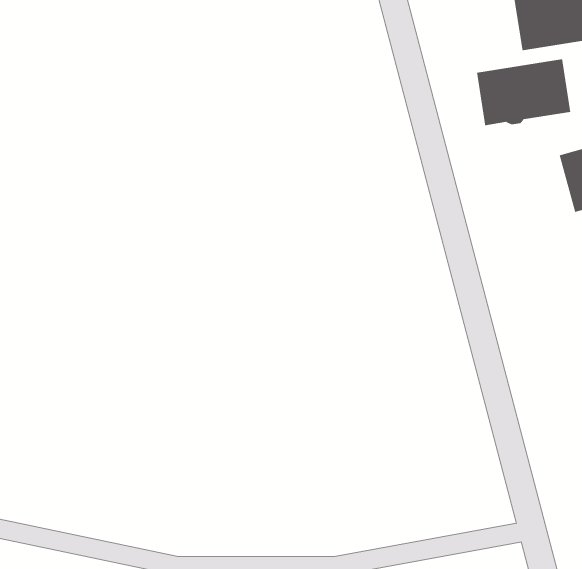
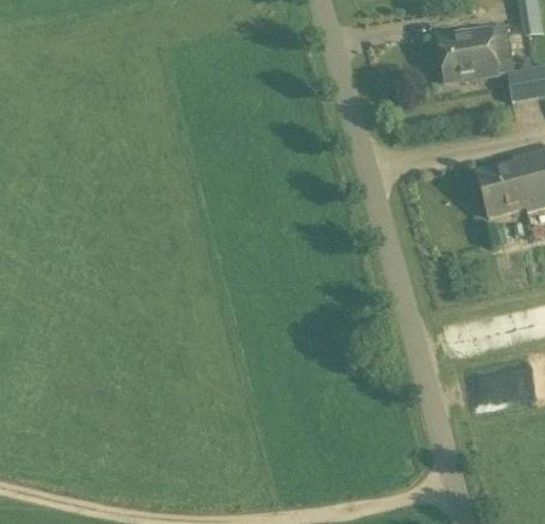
building: [476,59,571,126] -> none

